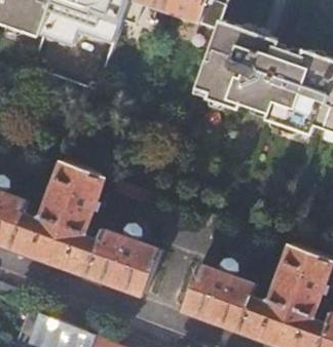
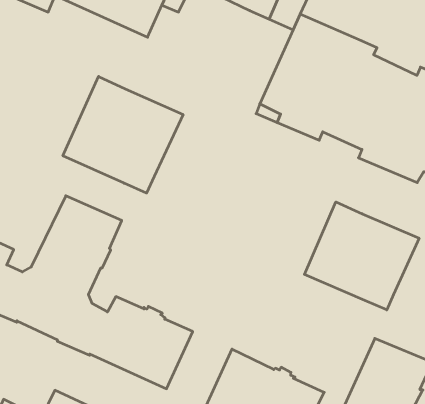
building: none -> [63,76,183,193]
building: none -> [304,202,419,310]

